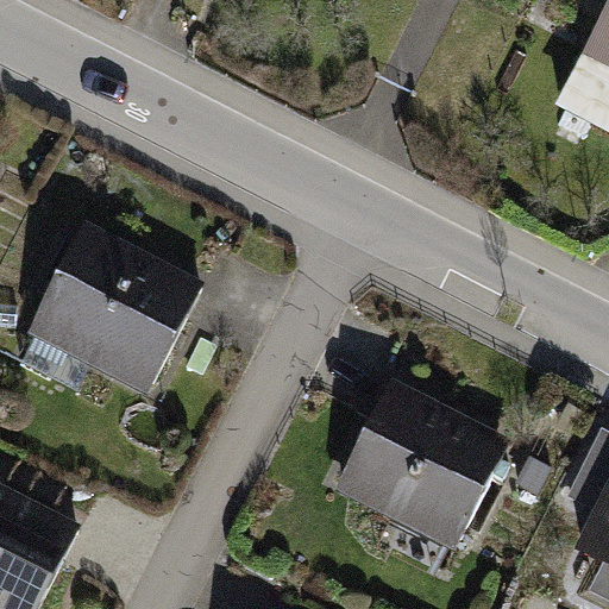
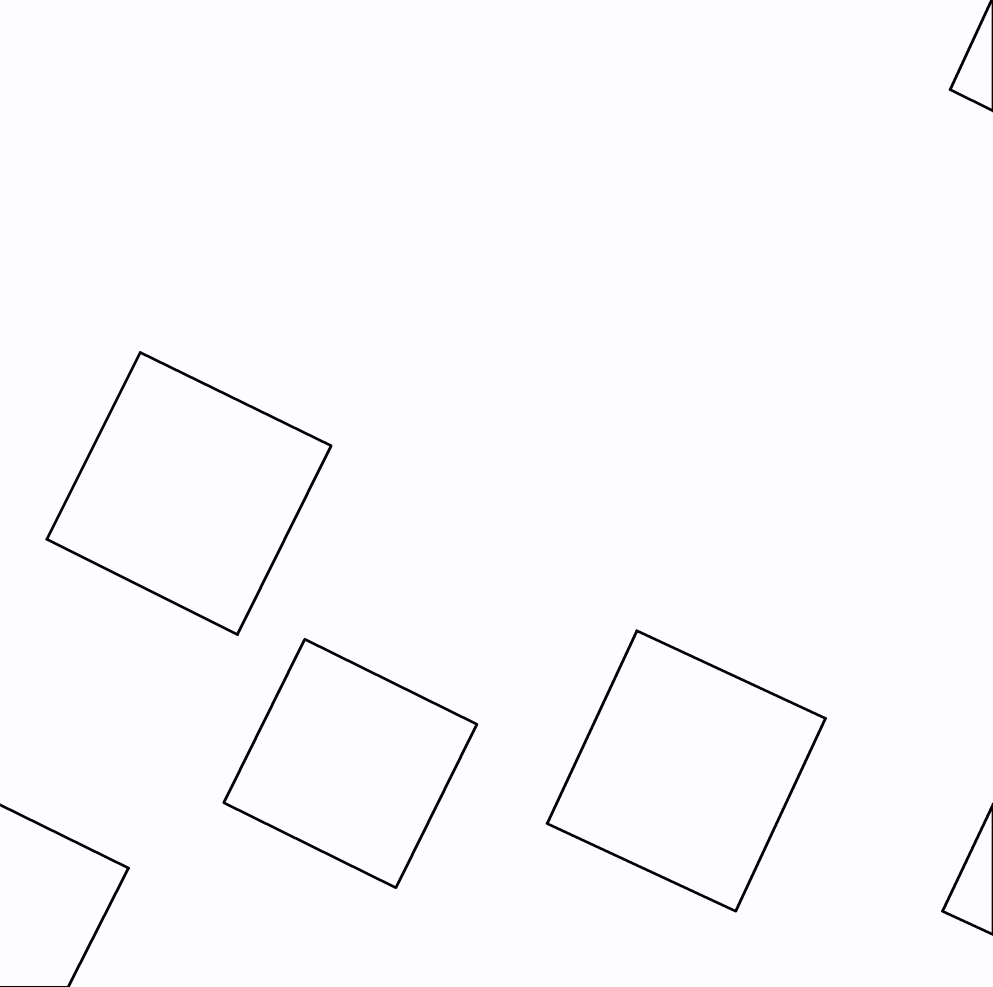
building: none -> [224,639,477,888]

